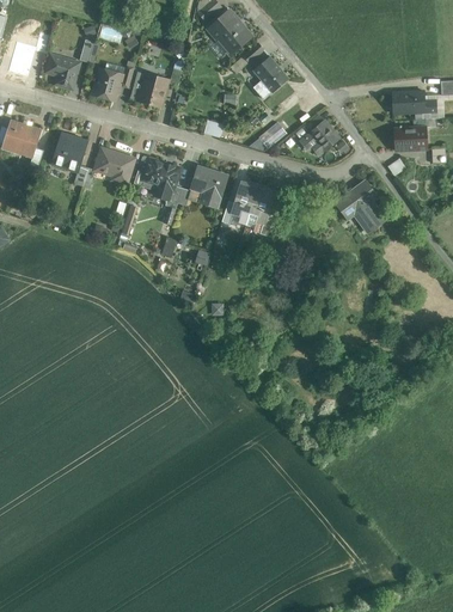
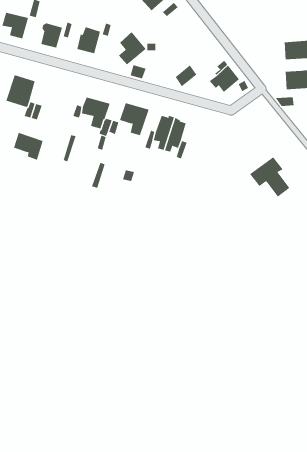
building: [252,56,287,98] -> [118,31,146,65]
building: [96,148,133,183] -> [13,132,43,160]
building: [335,180,385,231] -> [249,157,290,197]

